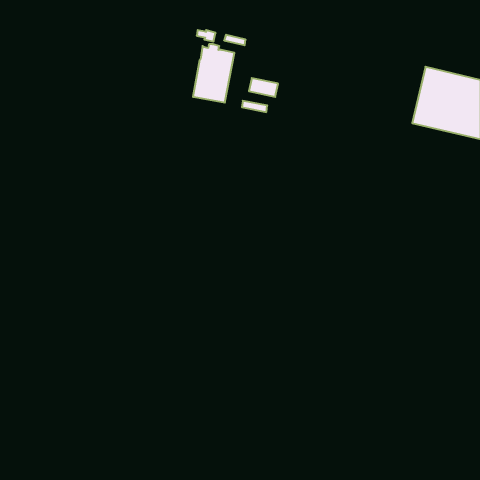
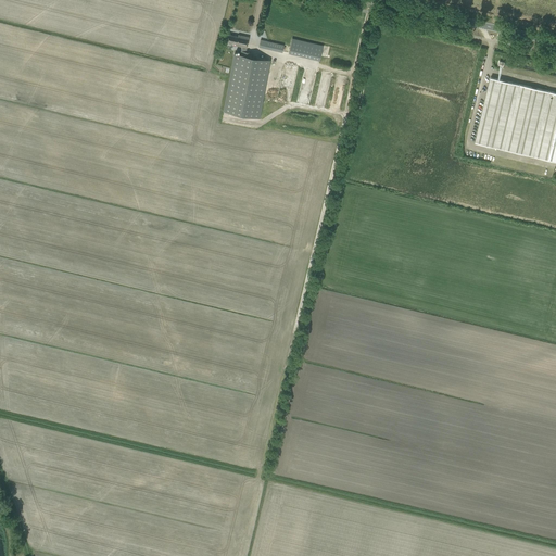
building: [249,78,278,97] -> [290,39,324,61]

